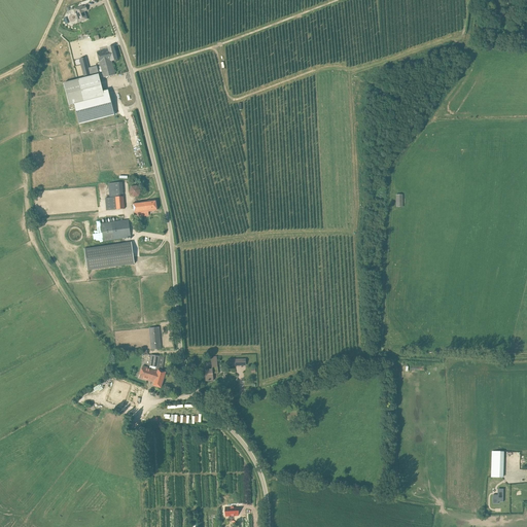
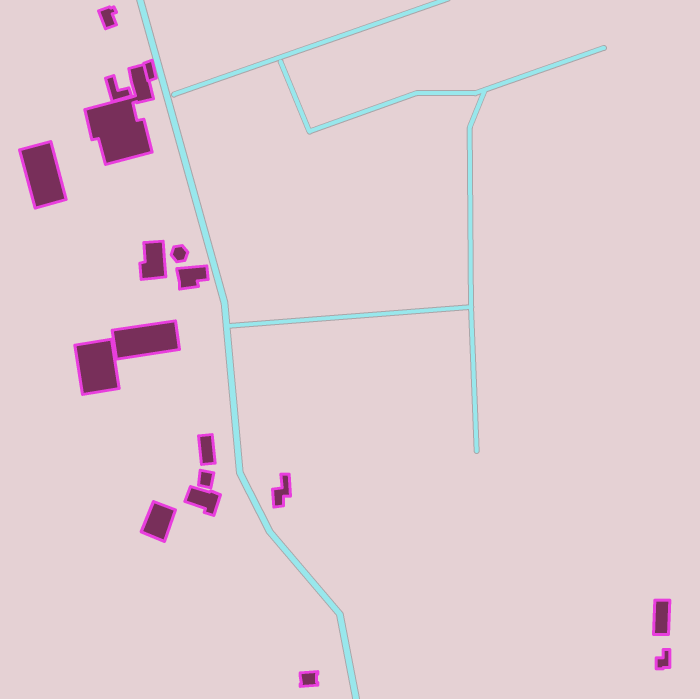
building: none -> [20,141,66,208]
building: [101,218,131,241] -> none
building: none -> [75,339,119,394]

